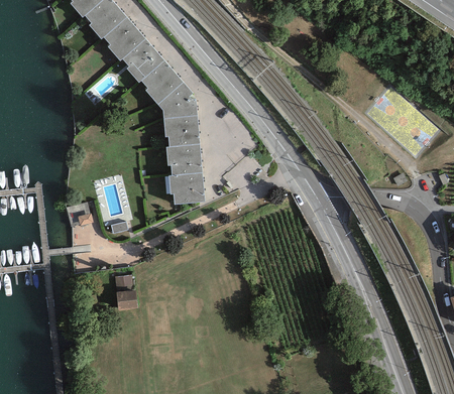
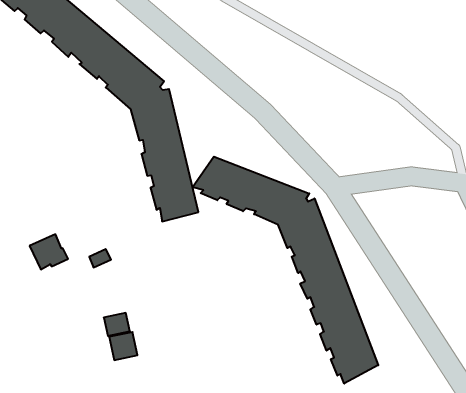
building: none -> [192,157,378,384]

